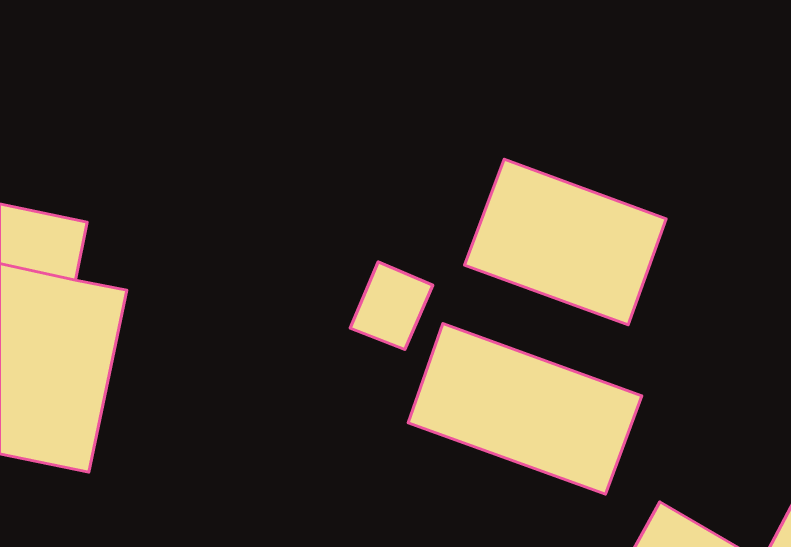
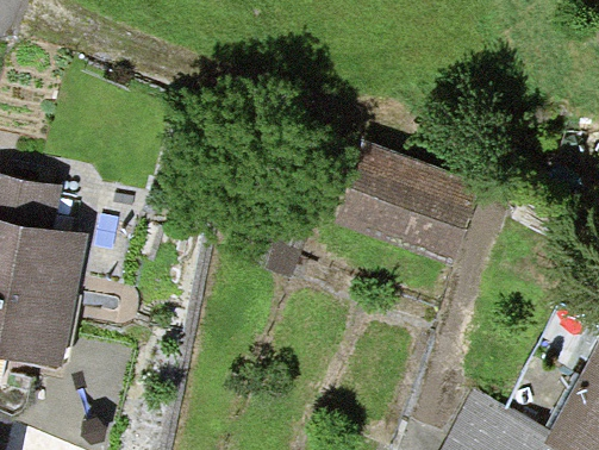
building: [408,323,642,494] -> none

